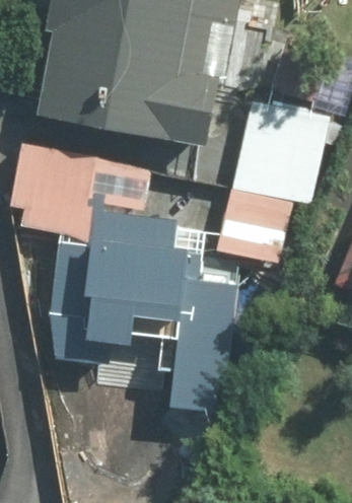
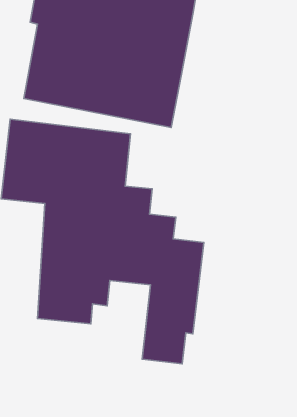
building: [218,102,331,263] -> none

